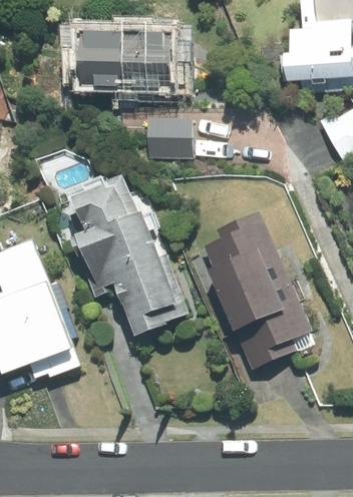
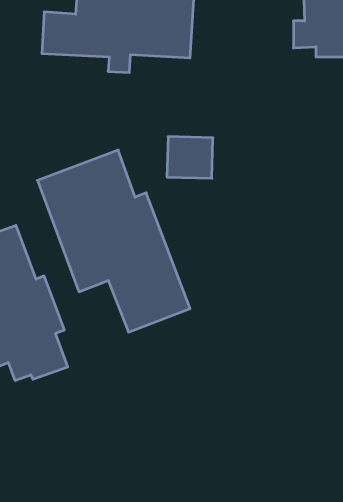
building: [148,117,190,154] -> [167,137,213,178]
building: [203,209,311,369] -> none

